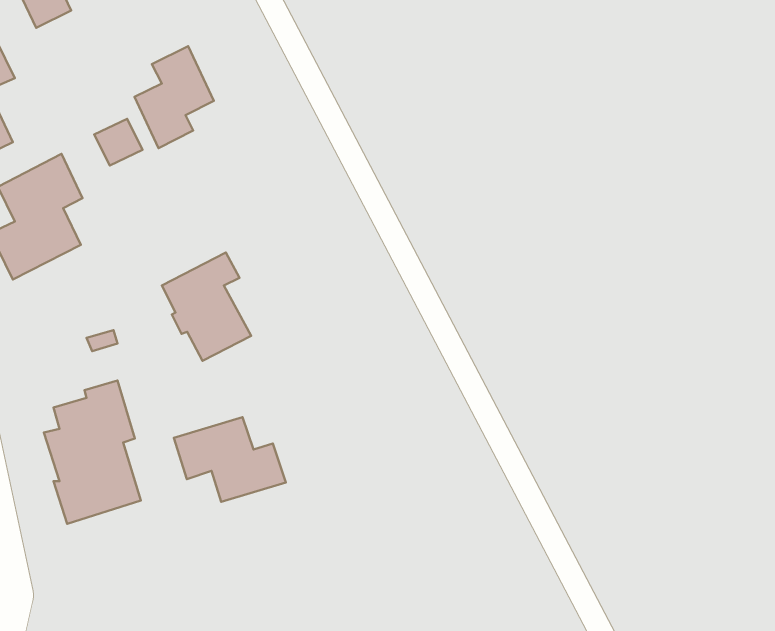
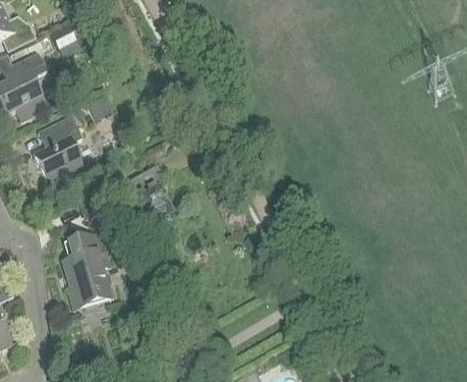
building: [134,46,214,148] -> none
building: [174,417,286,502] -> none

